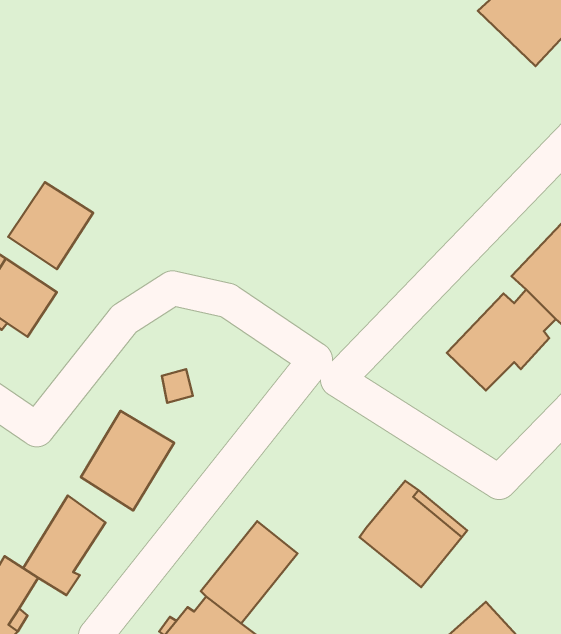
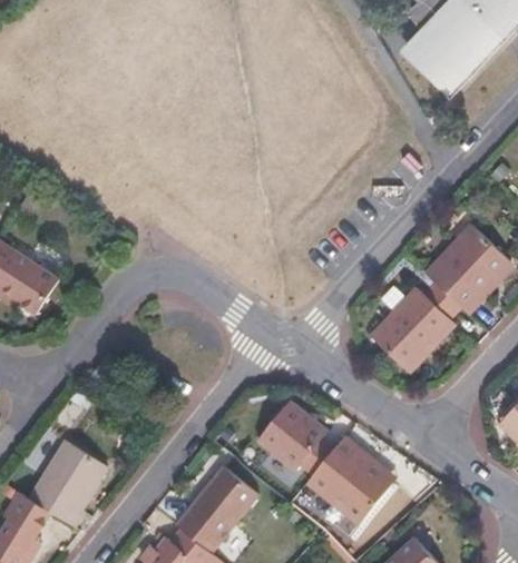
building: [8,182,93,269] -> none
building: [81,411,174,510] -> none
building: none -> [256,399,333,474]

